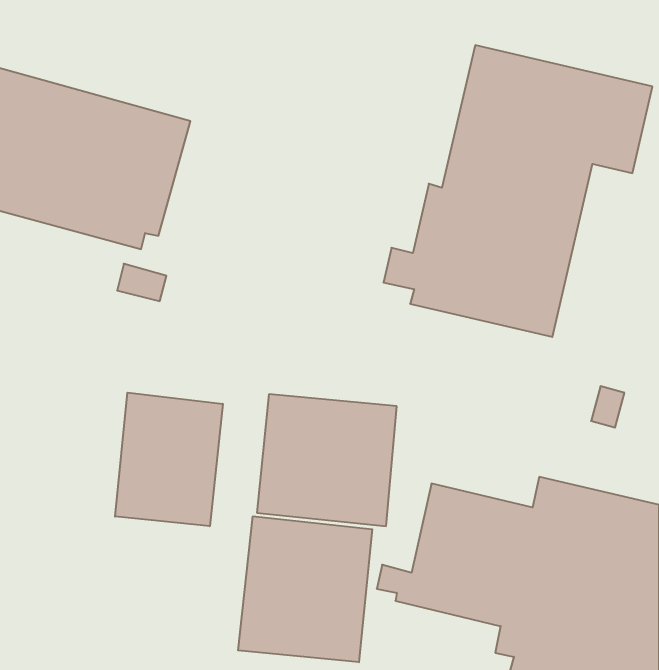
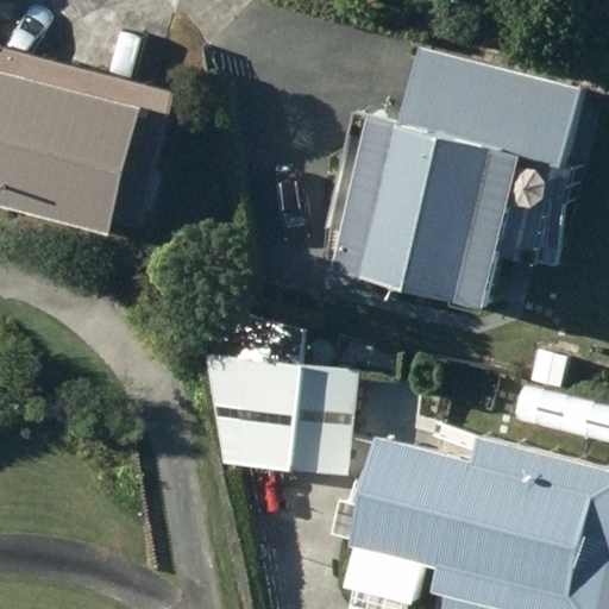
building: [115,393,223,526] -> none
building: [238,516,372,662] -> none

